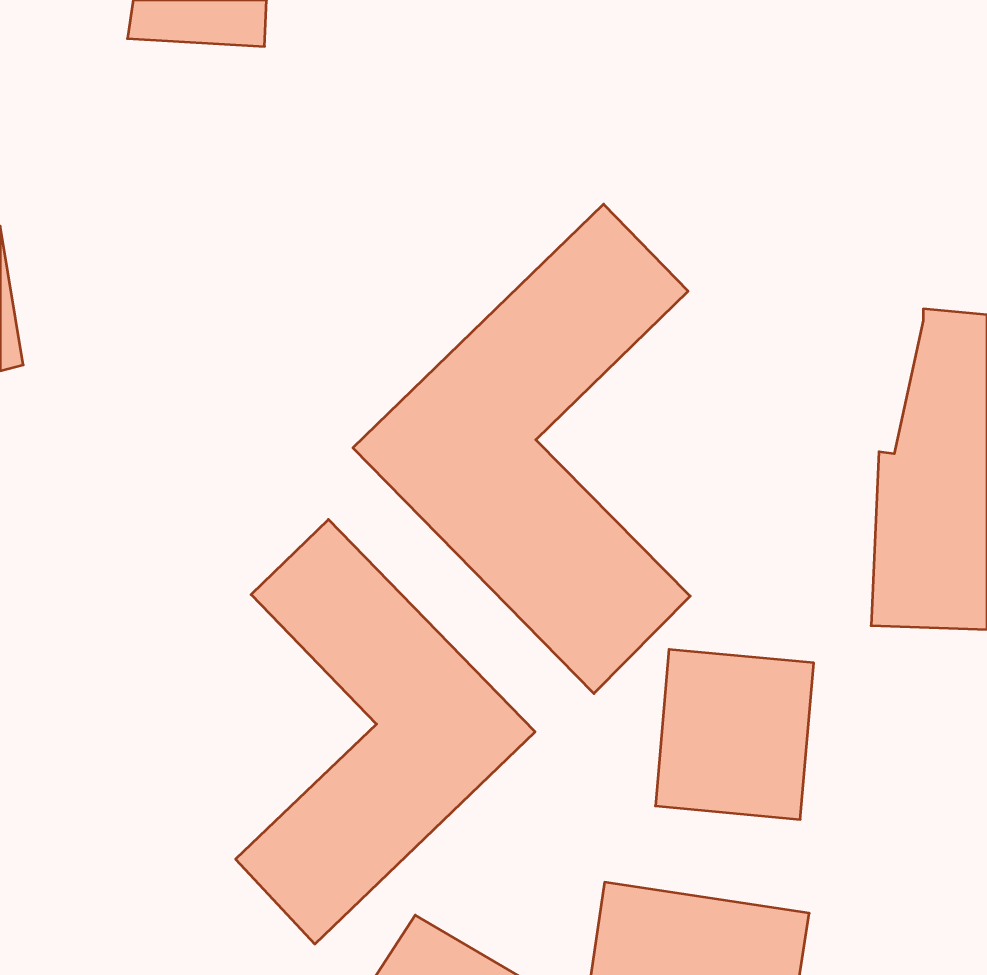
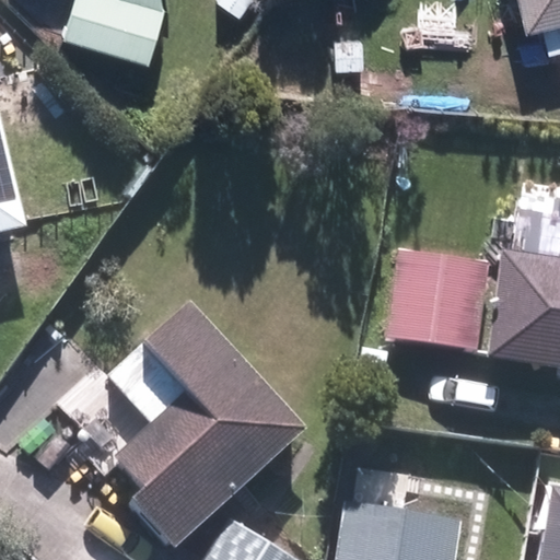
building: [353,204,690,694] -> none
building: [655,649,814,819] -> [394,252,483,348]

